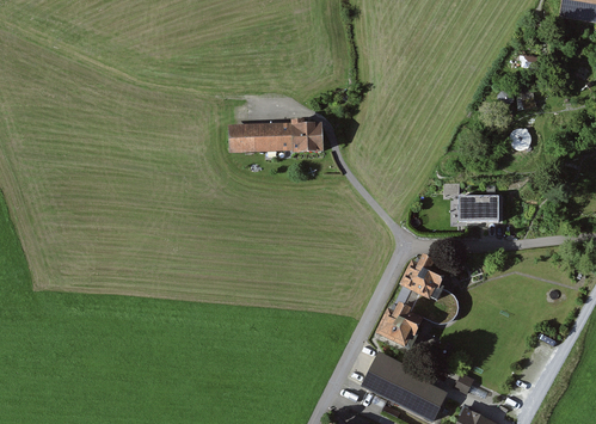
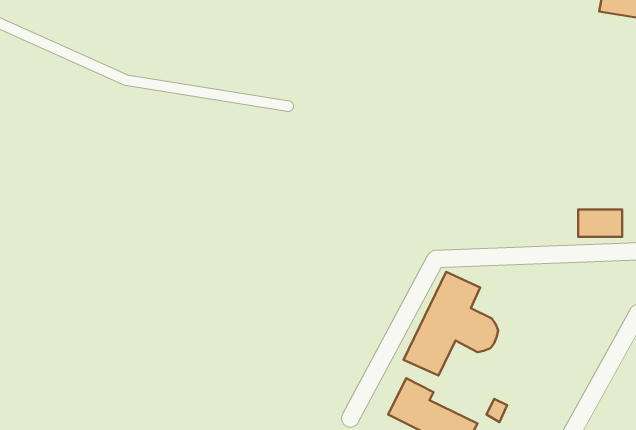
building: [228,123,322,155] -> none
building: [459,196,499,221] -> [578,210,622,237]

